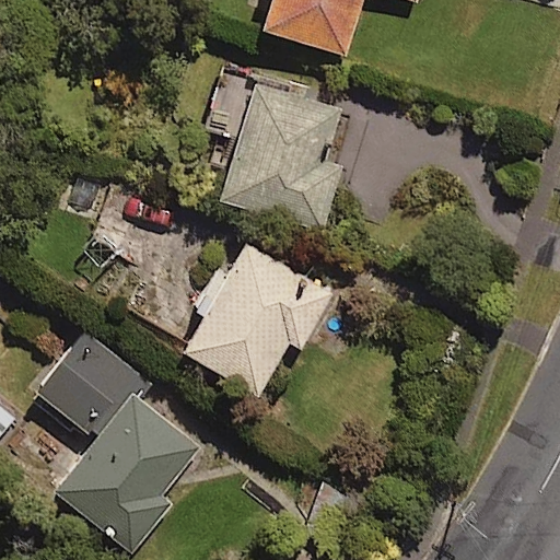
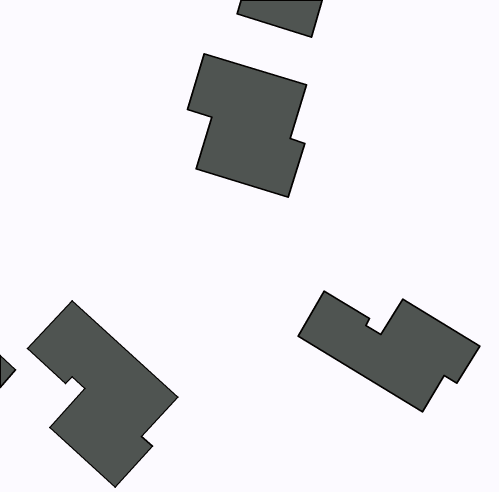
building: [183,240,331,393] -> none
building: none -> [298,291,480,412]

